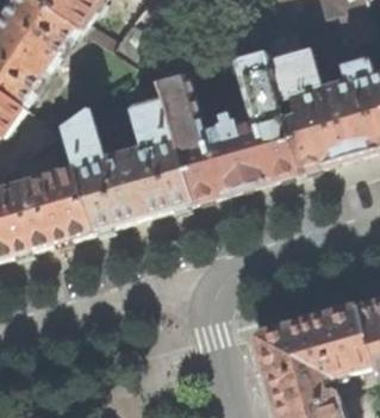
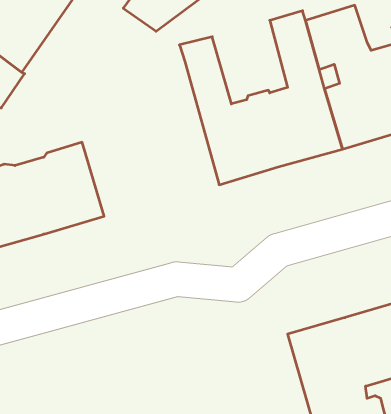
building: [62,96,193,231] -> none

